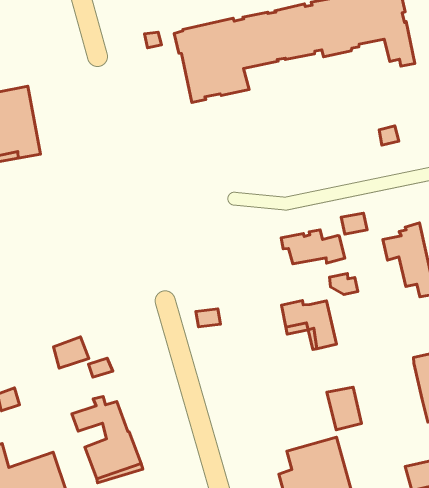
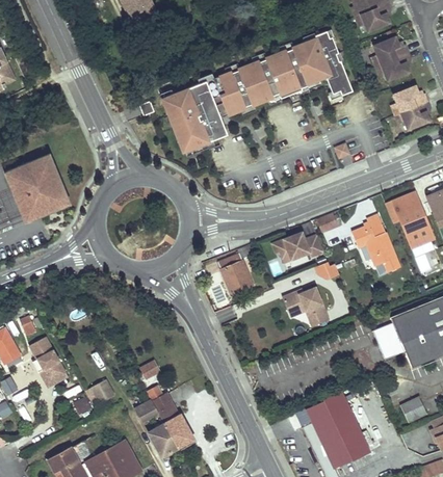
building: none -> [218,246,253,294]
building: [53,337,89,368] -> [86,379,115,406]
building: [327,387,362,430] -> [372,323,403,359]

